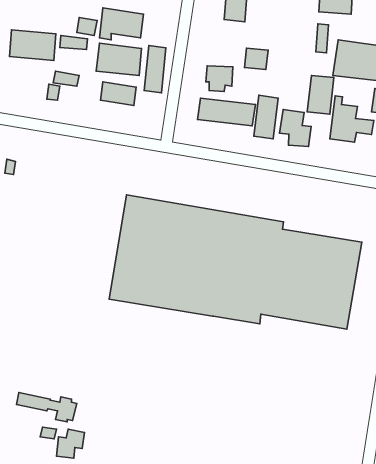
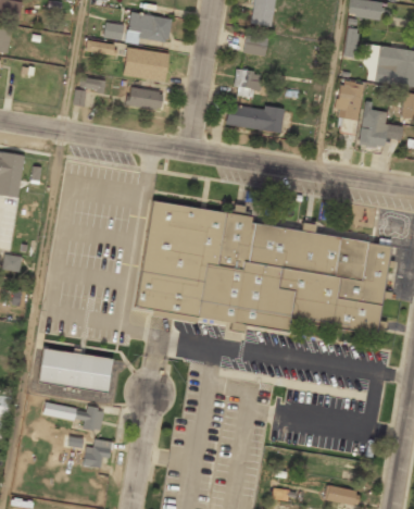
building: [10,30,56,60] -> none
building: [144,46,166,93] -> none
building: [244,48,268,70] -> [244,35,268,57]
building: [254,95,278,139] -> none
building: [280,110,311,146] -> none
building: none -> [40,350,114,392]

